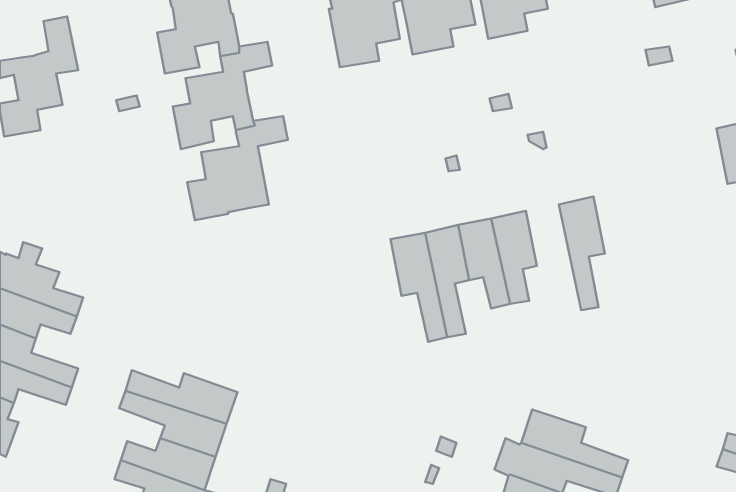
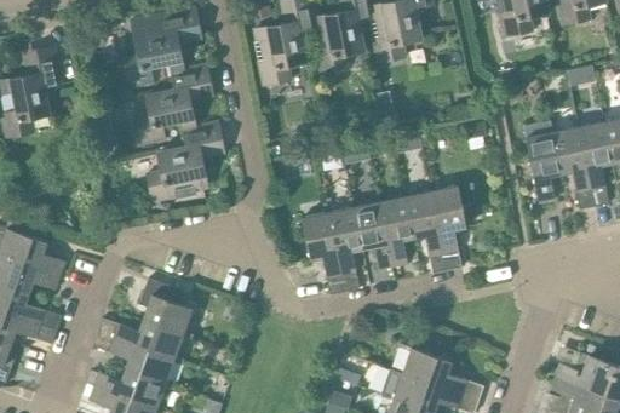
building: none -> [526,132,561,203]
building: none -> [406,190,448,275]
building: none -> [139,277,193,334]

